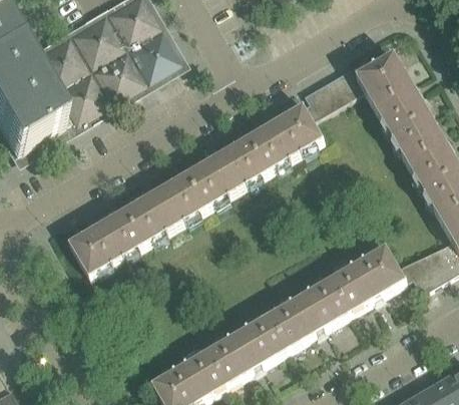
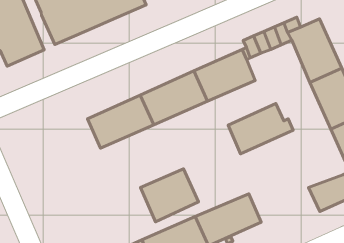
building: [70,207,145,273] -> none
building: [333,243,413,309] -> [228,104,293,154]
building: none -> [140,169,198,222]

